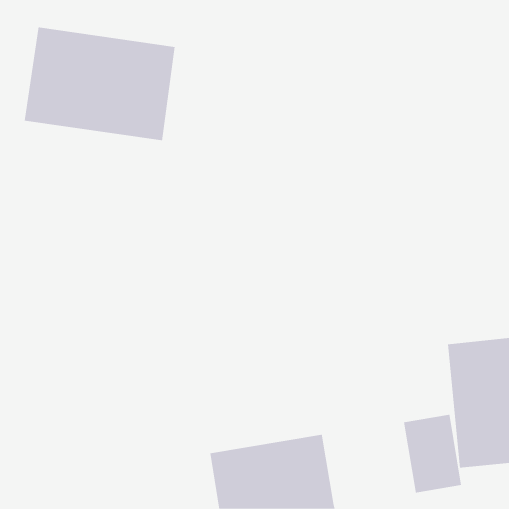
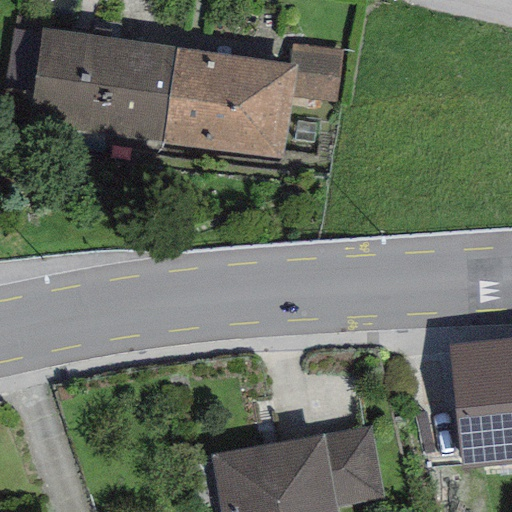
building: none -> [164,41,346,159]
building: [403,414,462,493] -> [324,427,383,506]

